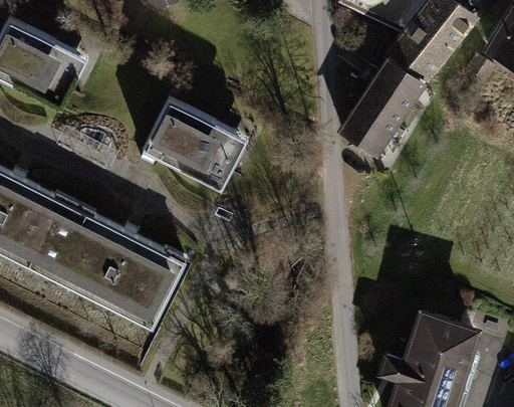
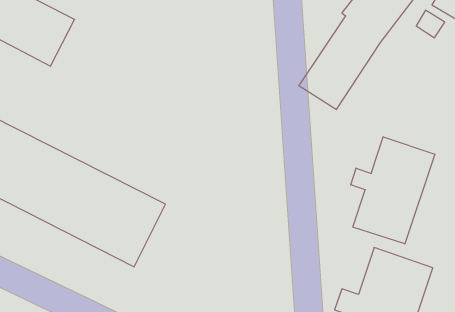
building: [147,99,255,194] -> none
building: none -> [351,137,435,244]

